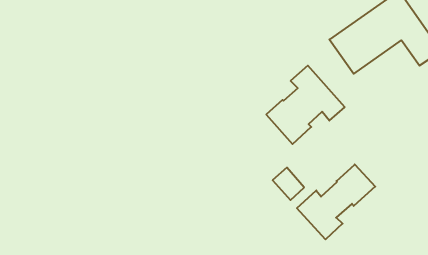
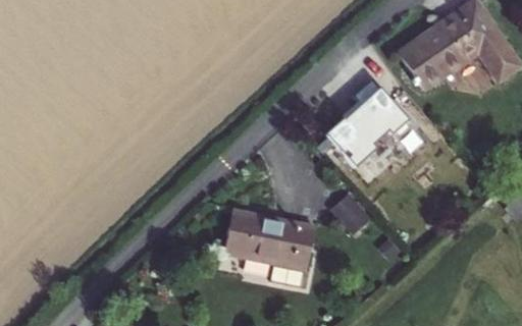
building: [297,164,375,239] -> none
building: none -> [223,210,314,285]

